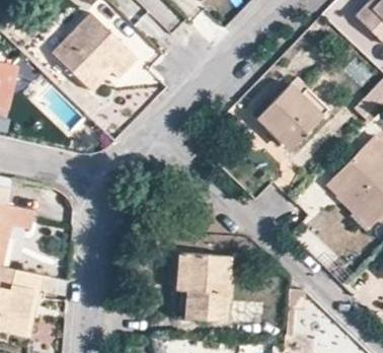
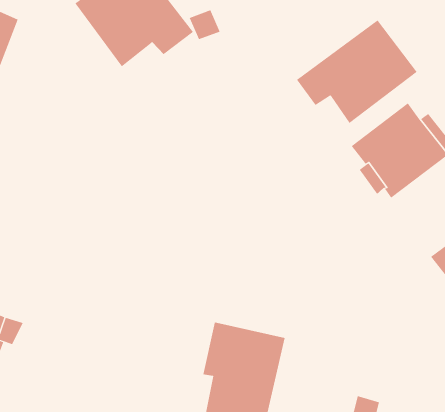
building: none -> [296,20,417,124]

